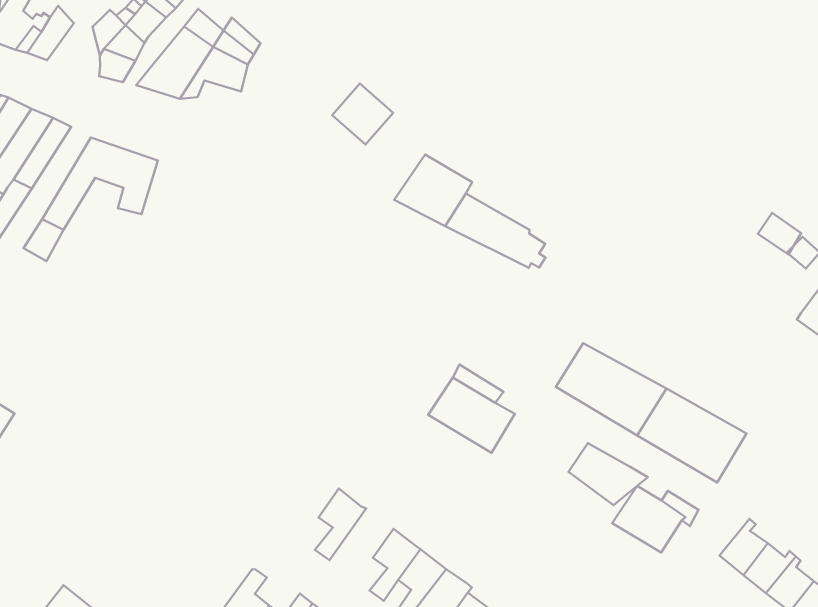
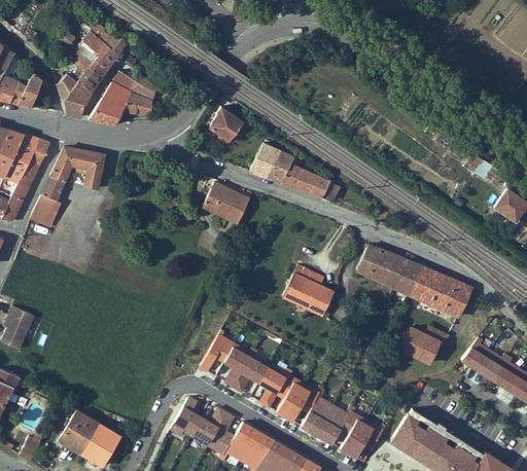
building: none -> [202,179,249,221]
building: [569,443,648,505] -> none
building: none -> [199,334,234,371]
building: none -> [233,354,269,391]

